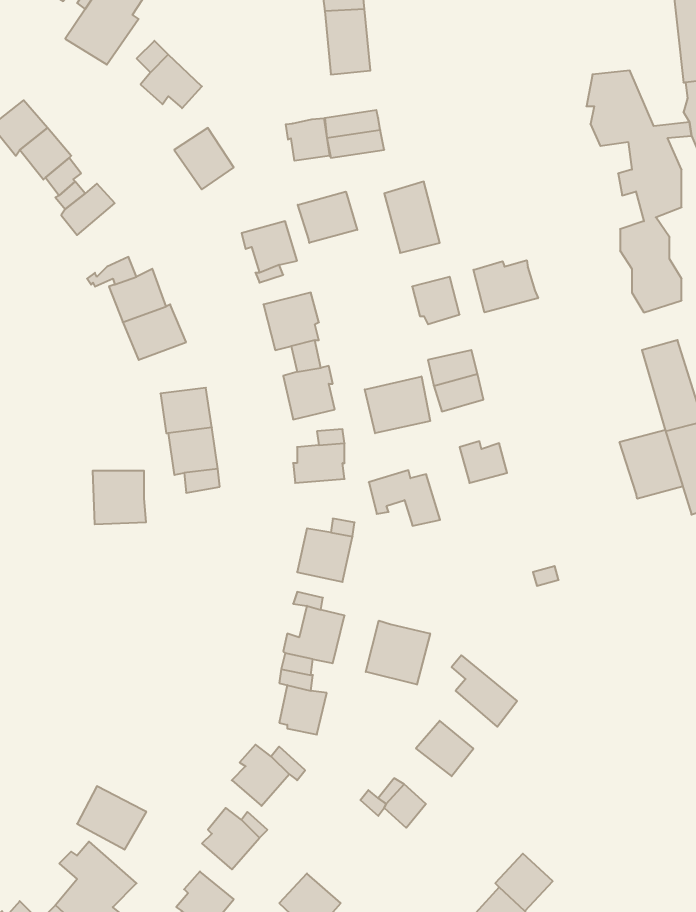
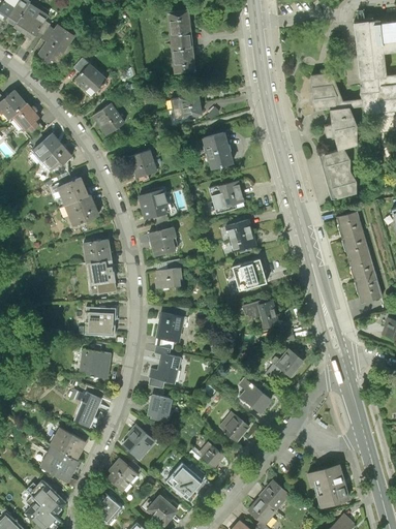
building: [286,118,329,161] -> none
building: [298,192,357,243] -> none
building: none -> [41,143,70,170]
building: [473,260,538,312] -> none
building: [365,376,430,433] -> none
building: [620,430,683,499] -> none
building: [369,470,440,526] -> [241,299,278,328]
building: [93,471,146,524] -> [94,306,122,334]
building: none -> [79,349,112,378]
building: none -> [264,350,304,380]
building: [366,621,430,685] -> none
building: none -> [70,390,111,427]
building: none -> [49,427,85,459]
building: none -> [167,464,200,493]
building: none -> [308,465,348,507]

